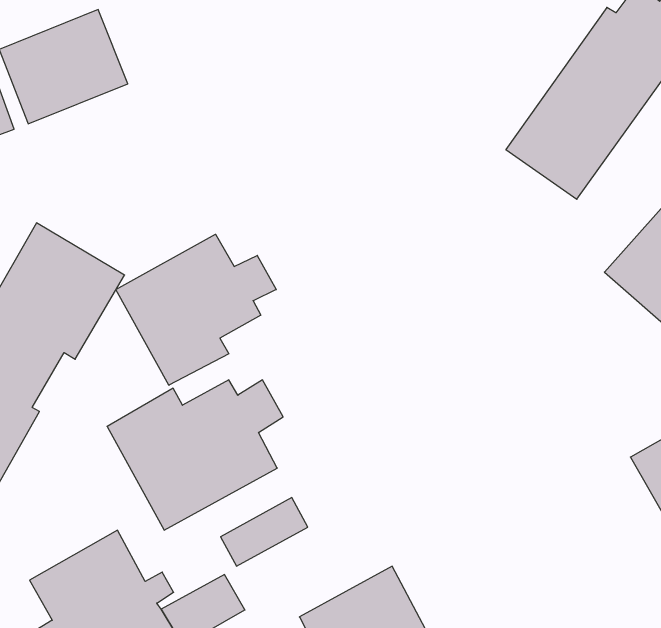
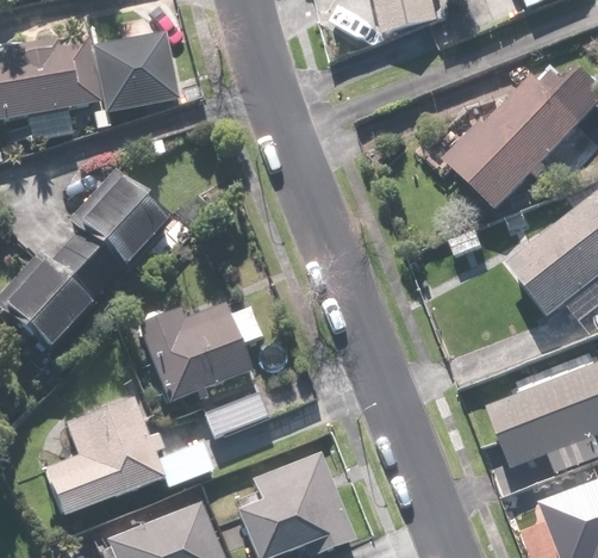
building: [116,234,276,385] -> none

